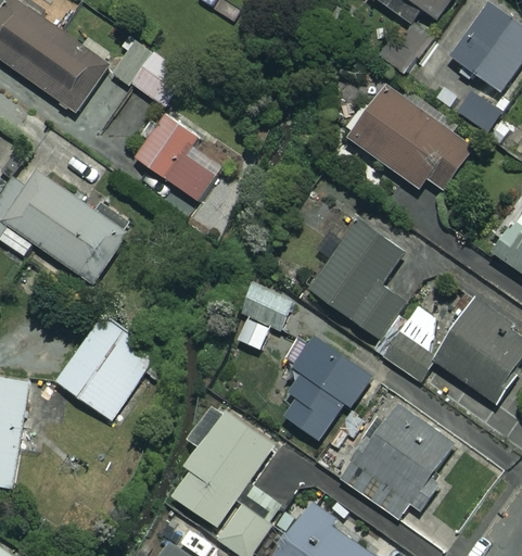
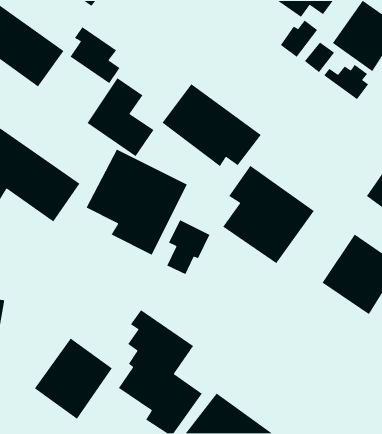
building: [343,83,471,190] -> [162,83,262,167]
building: none -> [86,149,188,256]
building: [374,307,443,382] -> none
building: [55,316,156,421] -> [34,338,113,420]
building: [282,343,368,442] -> none
building: [344,394,467,545] -> none

